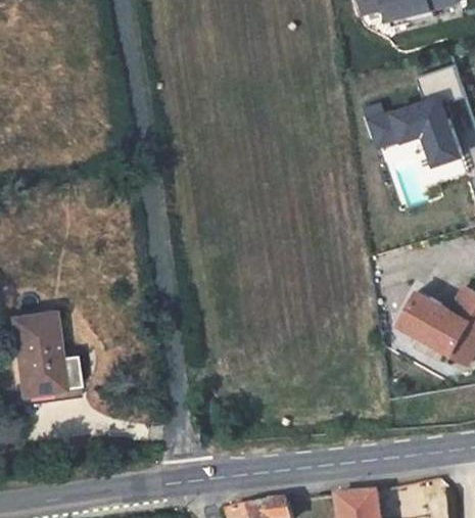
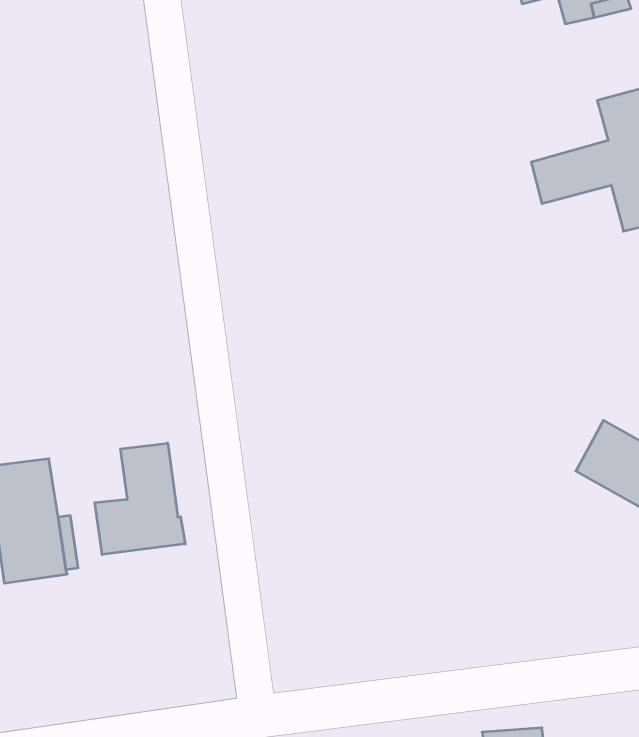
building: none -> [95,443,185,555]

